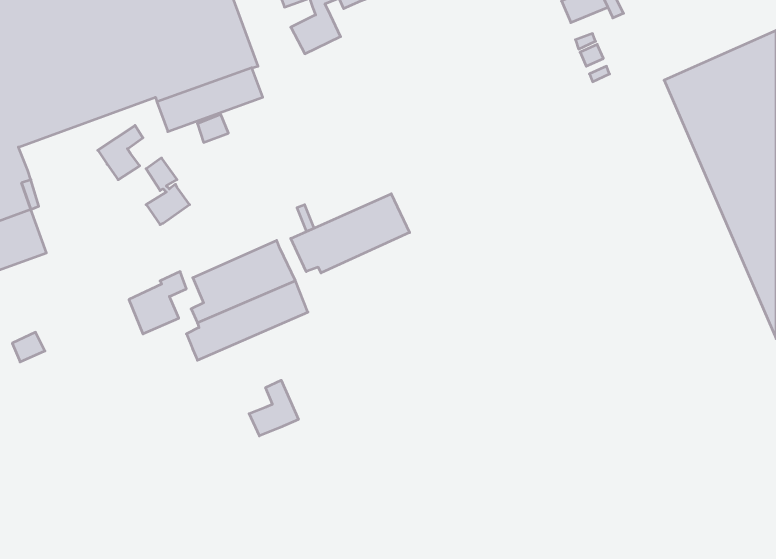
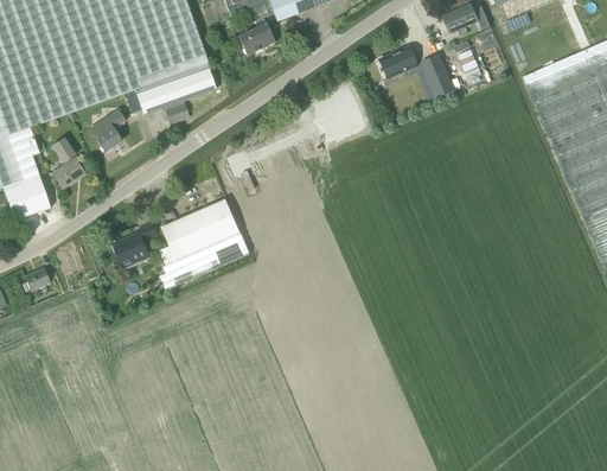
building: none -> [377,46,415,77]
building: none -> [422,57,454,97]
building: [146,158,190,225] -> [51,136,84,187]
building: [291,194,410,273] -> none
building: [249,380,298,436] -> none

